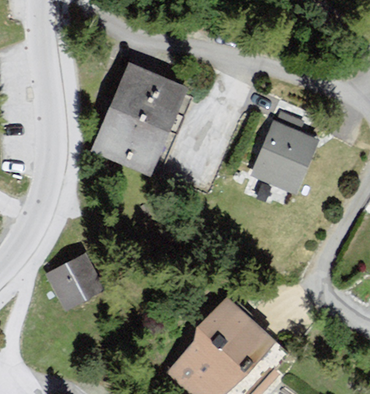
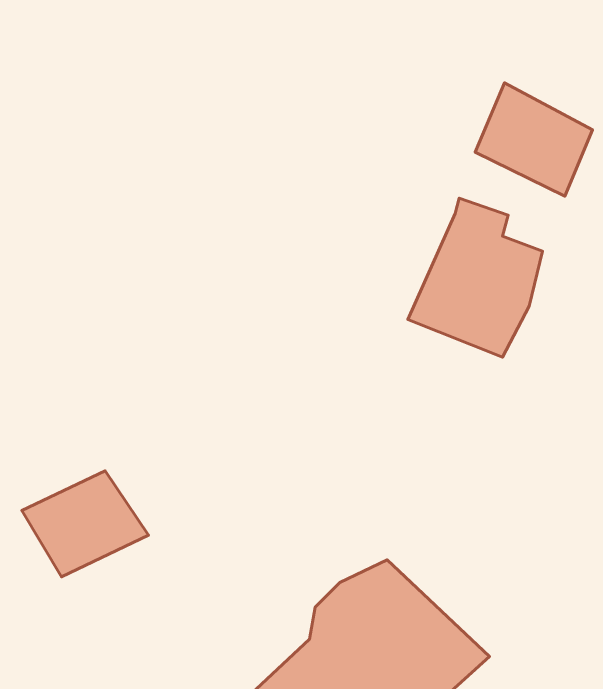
building: none -> [475,83,593,196]
building: [89,61,189,173] -> none

